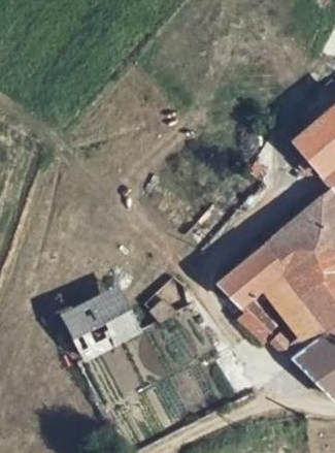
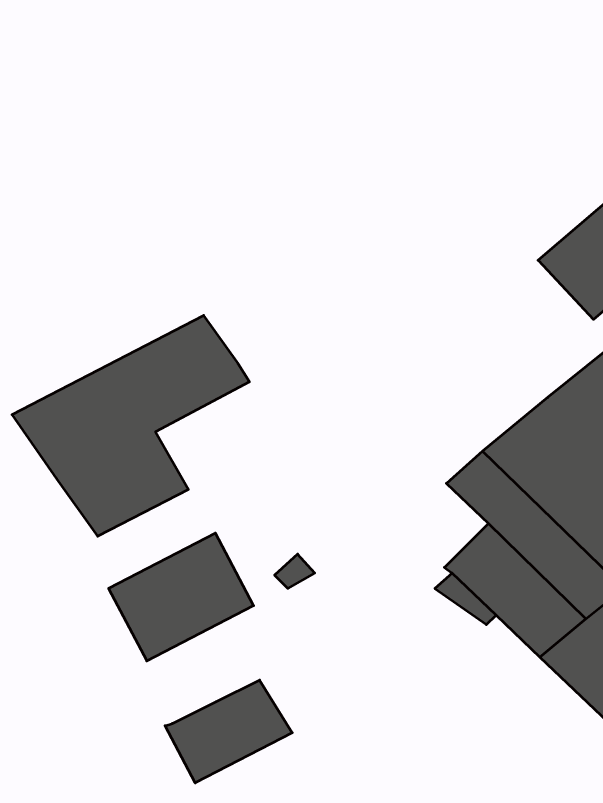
building: none -> [12,315,249,536]
building: [220,263,268,309] -> none
building: none -> [165,680,292,783]

